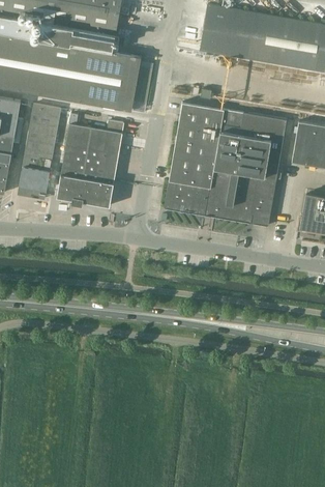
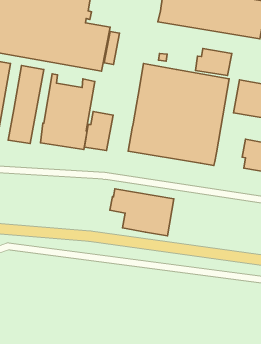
building: none -> [195,48,232,76]
building: none -> [85,112,113,151]
building: none -> [110,189,174,236]

